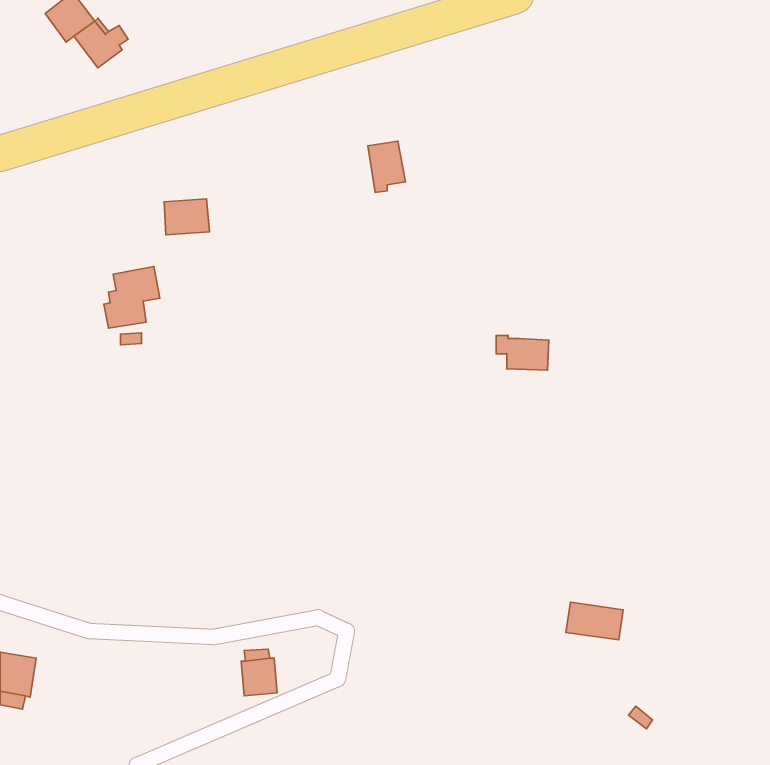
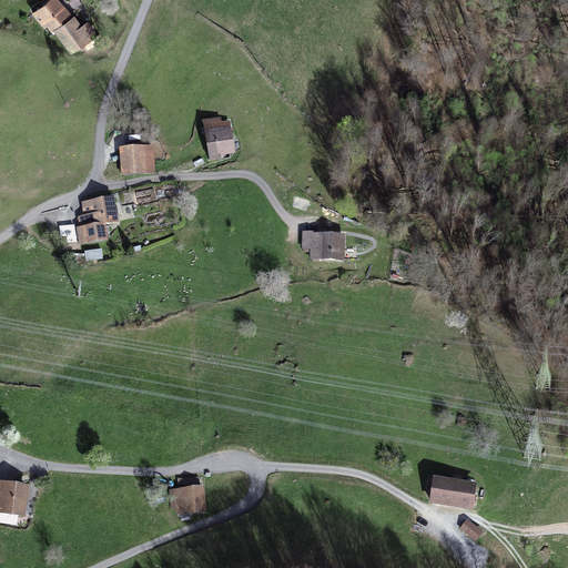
building: [368,141,405,192] -> [205,120,233,158]
building: [496,336,549,370] -> [304,232,343,257]
building: [566,602,623,640] -> [432,477,474,505]

